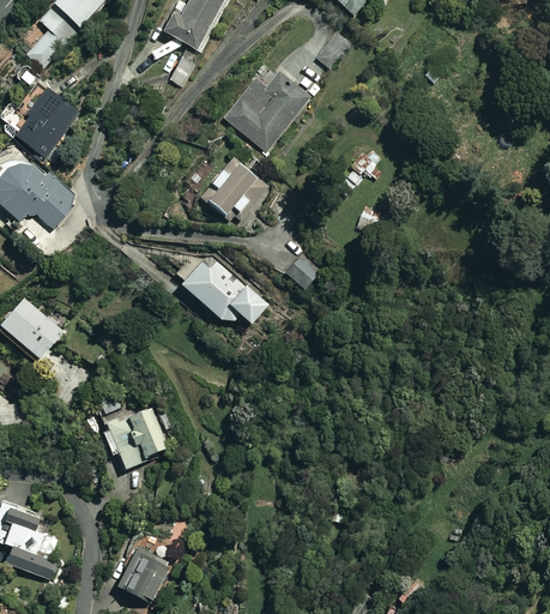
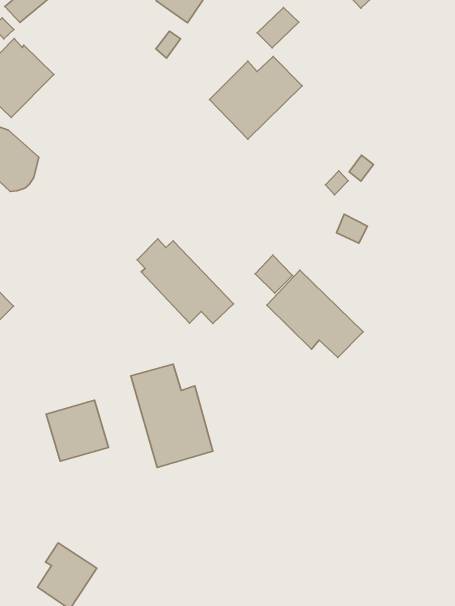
building: [313,30,350,68] -> [257,7,299,48]
building: [200,161,267,218] -> none
building: none -> [267,270,363,358]
building: none -> [131,364,213,468]

